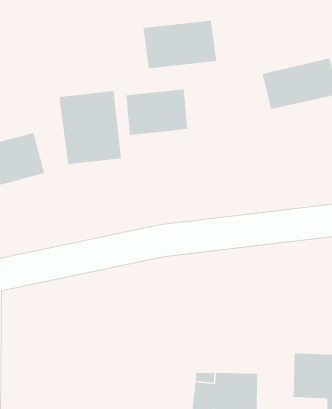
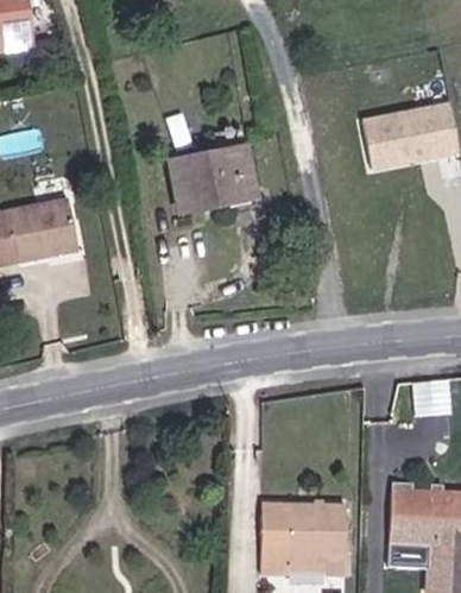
building: [143,20,217,69] -> none
building: [59,90,122,165] -> none

